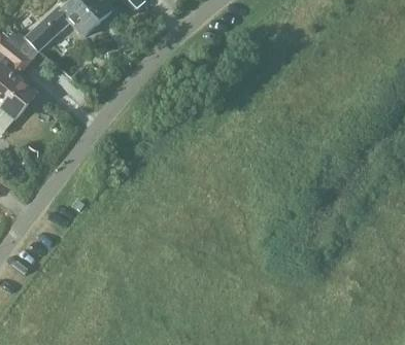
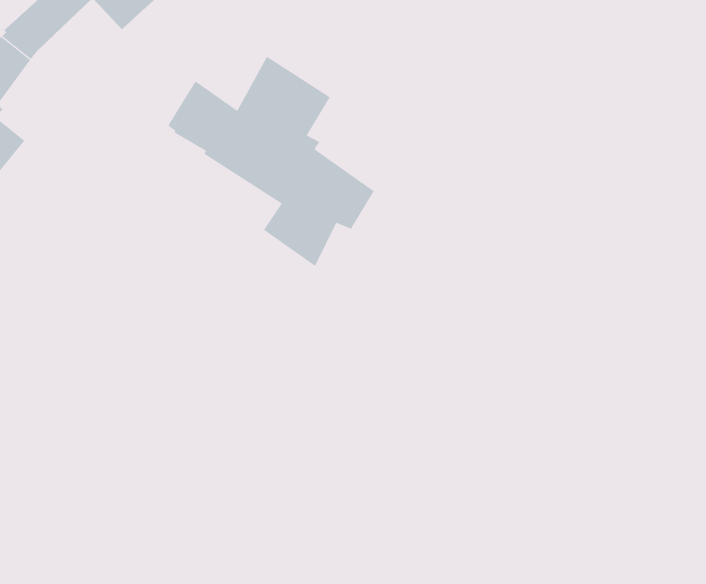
building: none -> [168,56,374,267]

